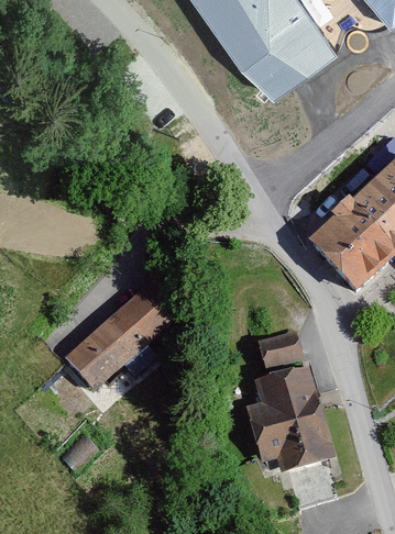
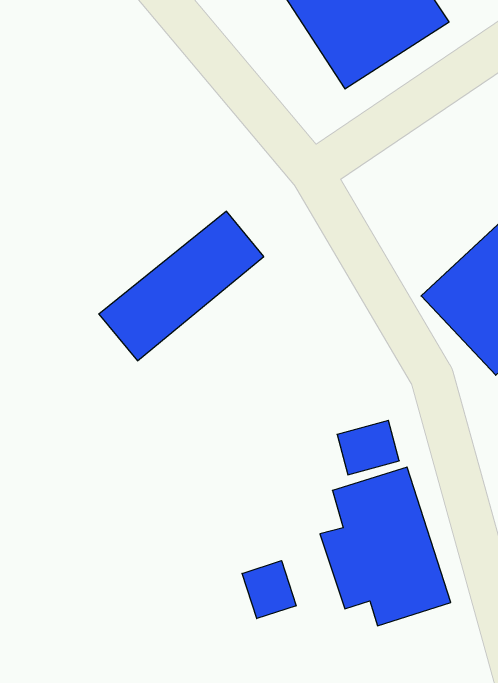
building: [62,286,178,391] -> [99,211,264,361]
building: none -> [242,561,296,619]

